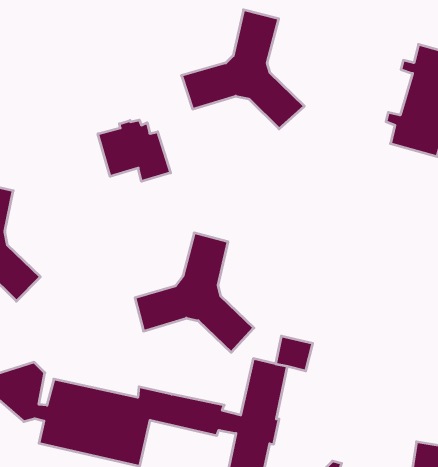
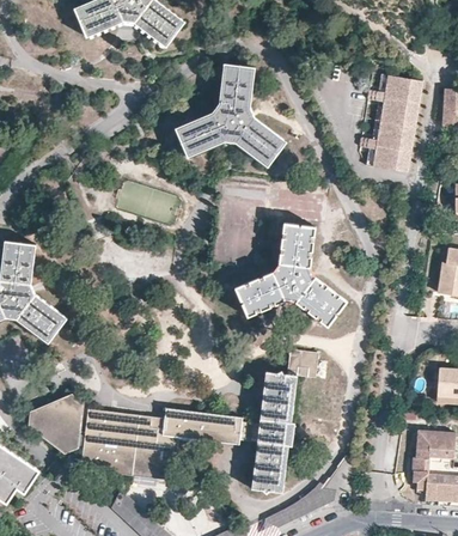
building: [98,120,171,181] -> none
building: [135,233,254,352] -> [237,223,346,325]

